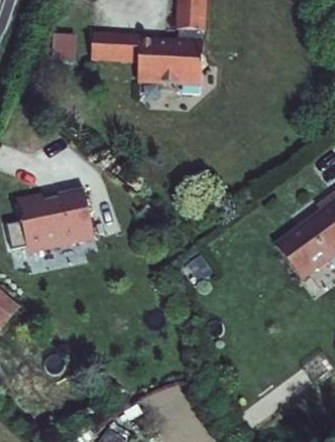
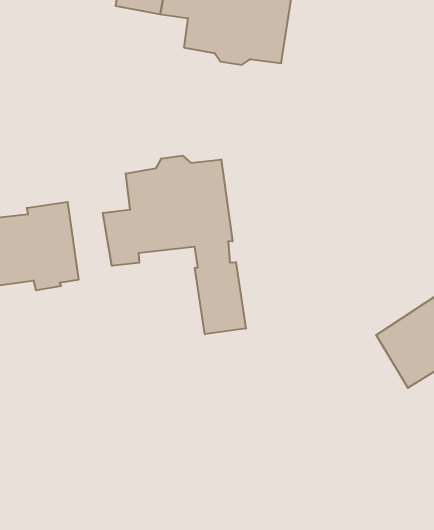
building: none -> [103,156,246,334]

